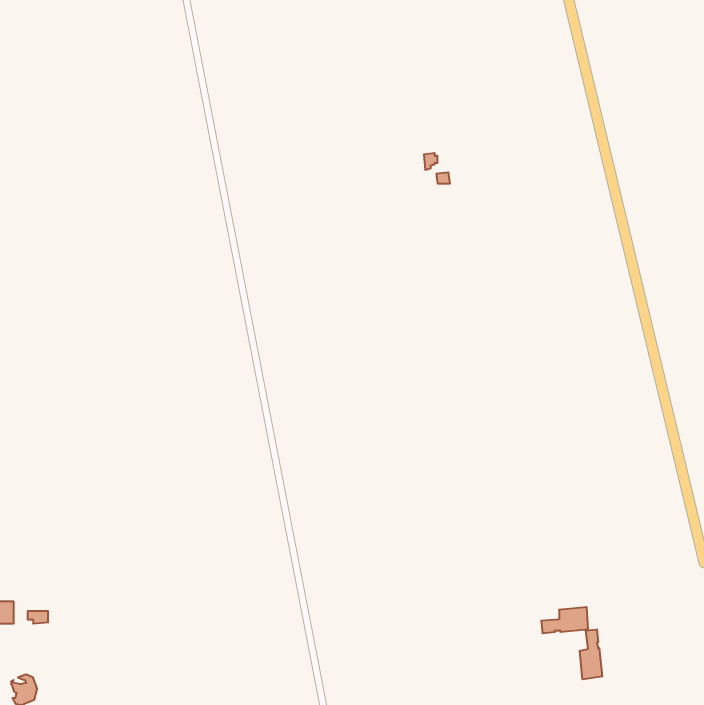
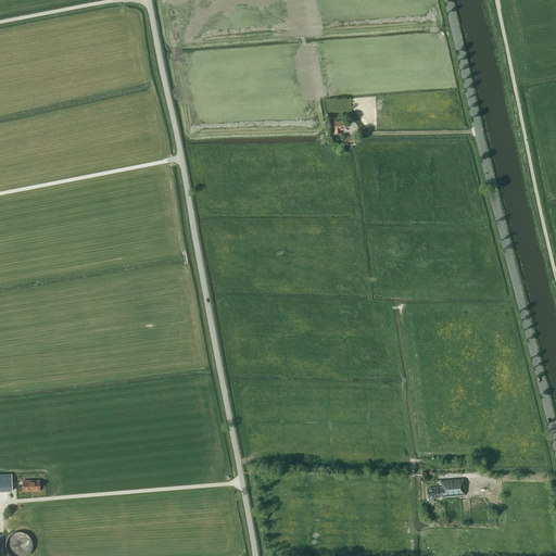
building: [580,629,602,679] -> none

